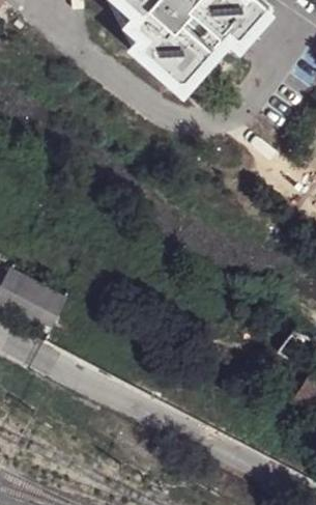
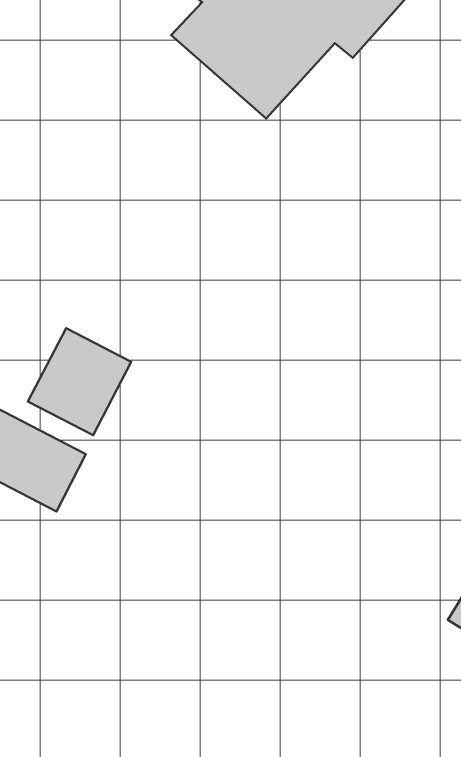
building: none -> [28,328,131,435]

